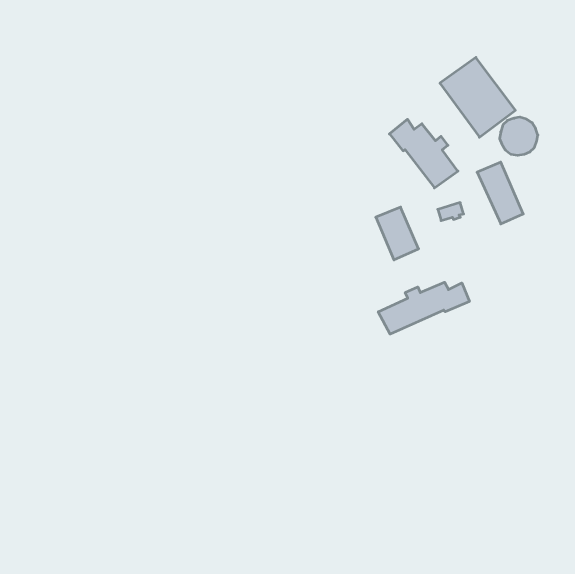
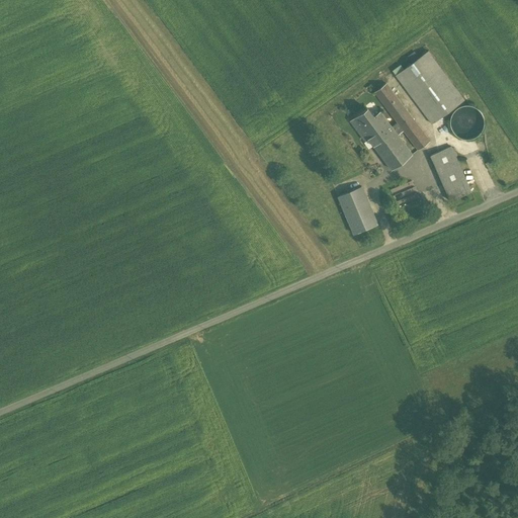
building: none -> [374,84,429,151]
building: [378,282,469,334] -> none

